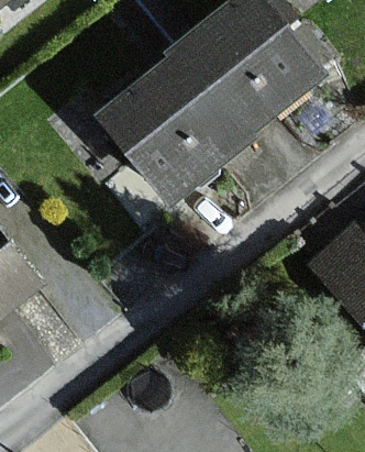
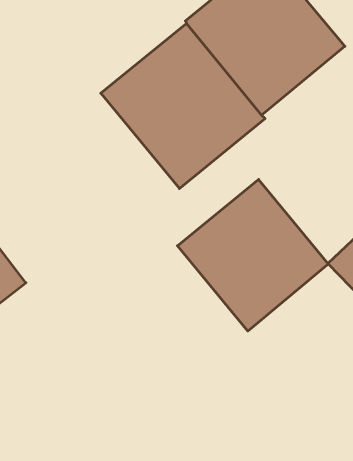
building: none -> [177,179,328,331]

